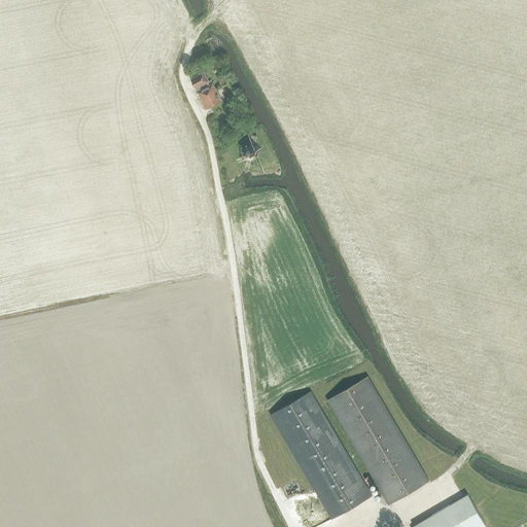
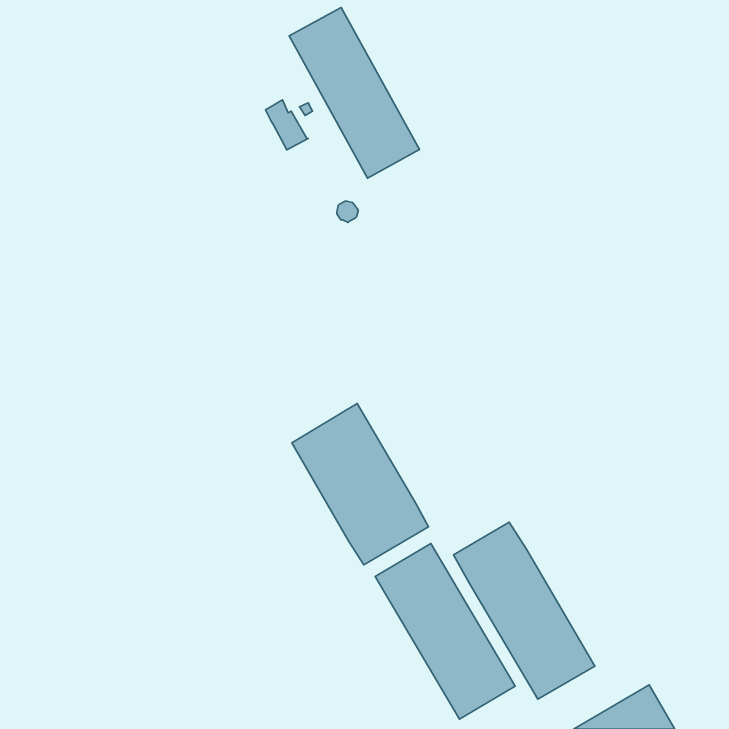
building: none -> [289,7,419,178]
building: none -> [292,404,428,565]

